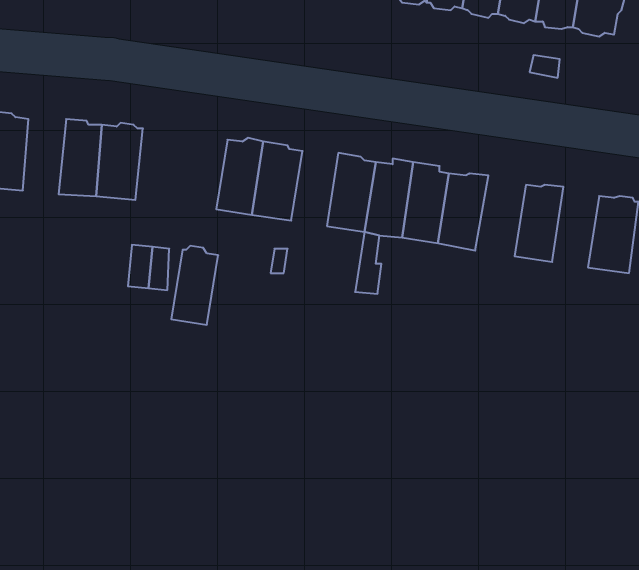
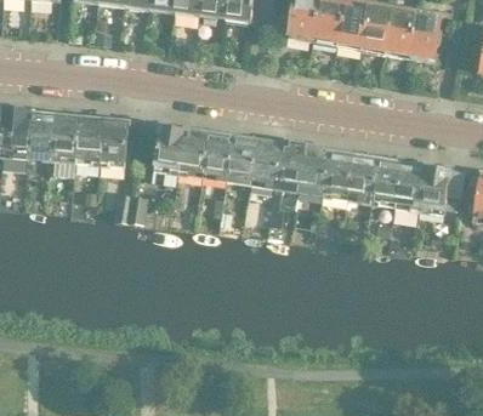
building: none -> [51,113,79,163]
building: none -> [225,133,255,183]
building: none -> [343,150,376,203]
building: none -> [393,158,424,210]
building: [171,246,218,325] -> [153,121,183,172]

